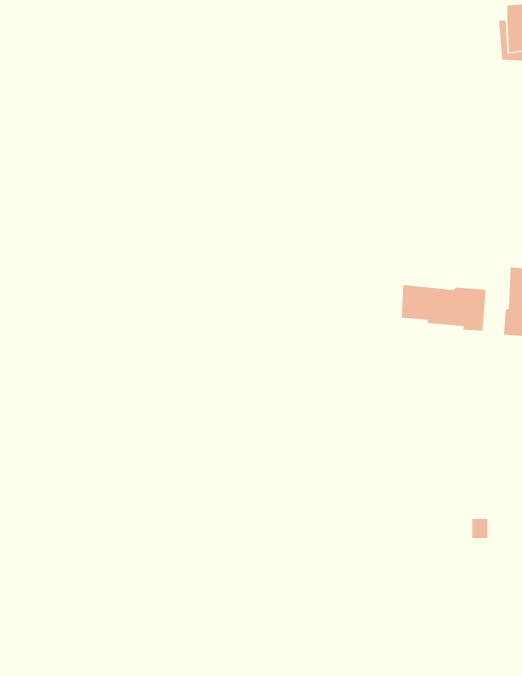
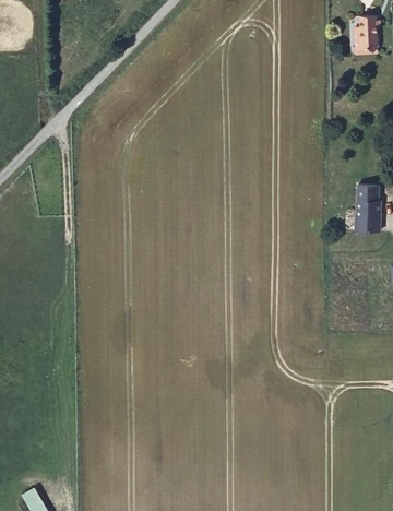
building: [401,284,486,331] -> none

